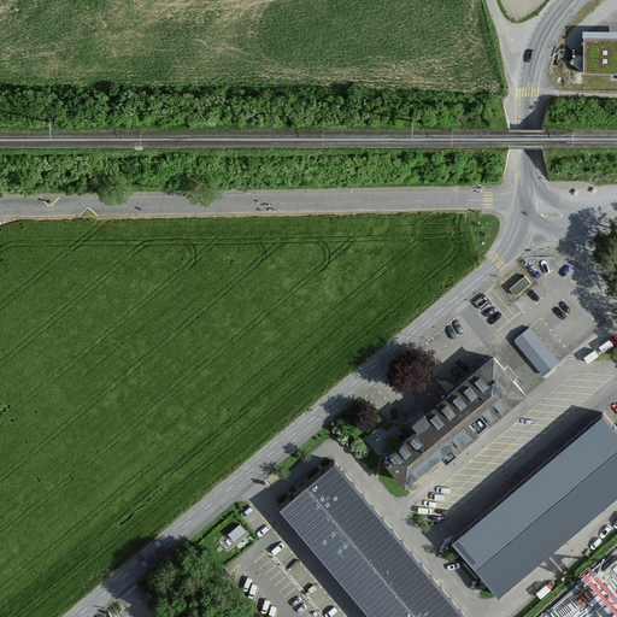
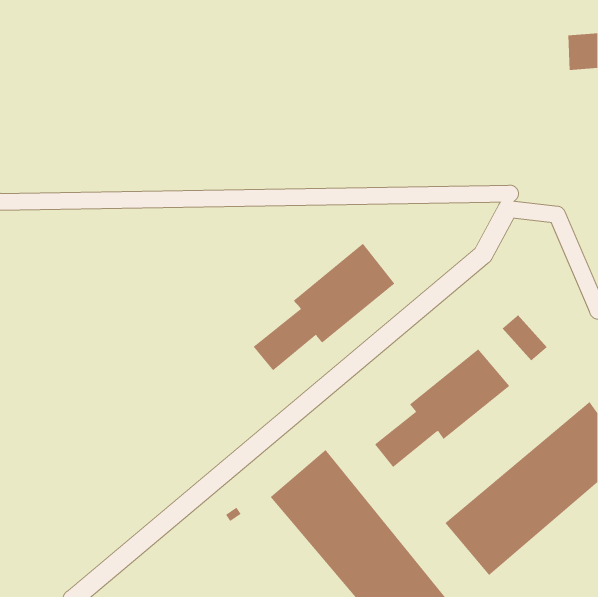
building: none -> [253,243,395,371]

